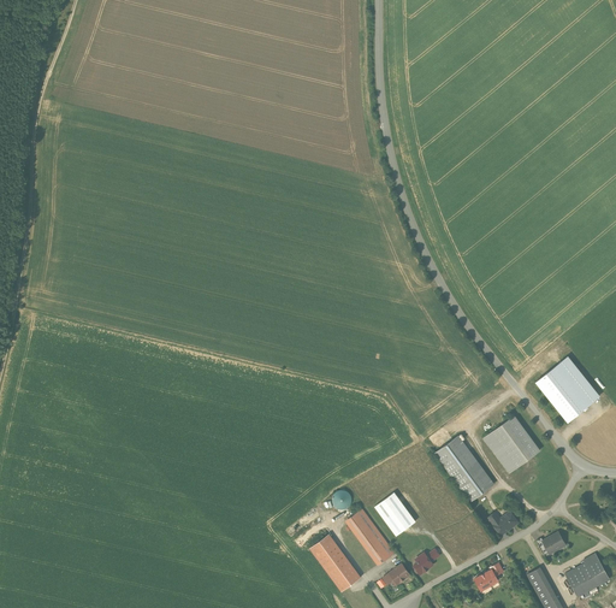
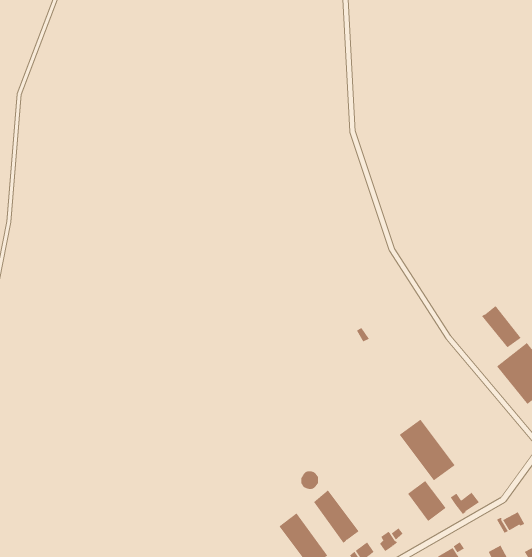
building: none -> [481,305,522,348]
building: [484,415,539,473] -> none
building: [374,492,415,536] -> [407,480,446,522]

